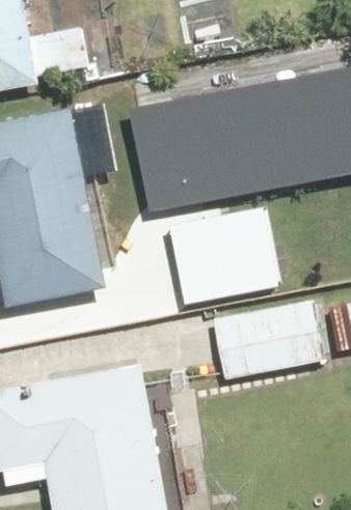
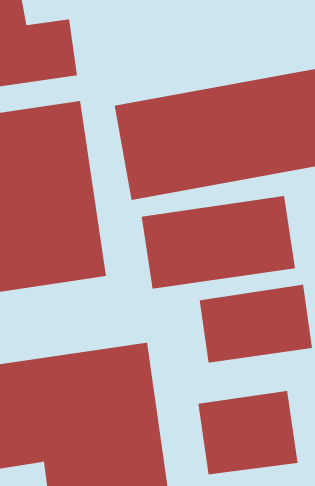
building: none -> [198,390,298,475]

